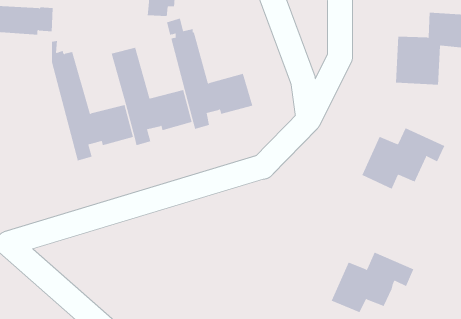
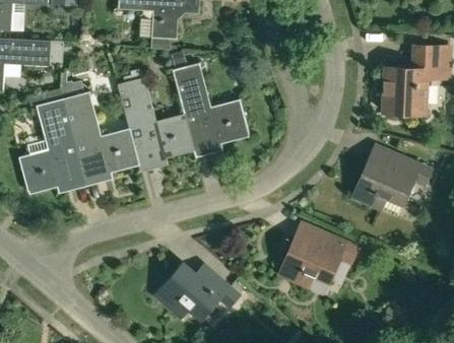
building: none -> [19,88,85,190]
building: none -> [155,264,239,316]
building: [331,252,414,313] -> [278,229,356,286]

